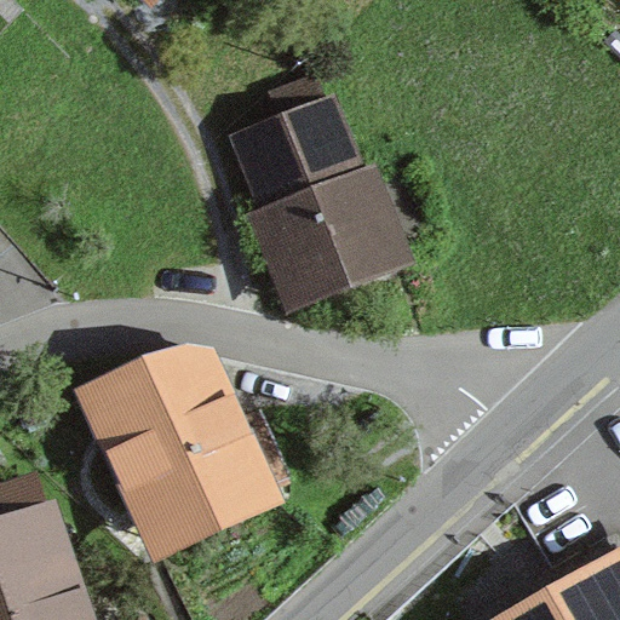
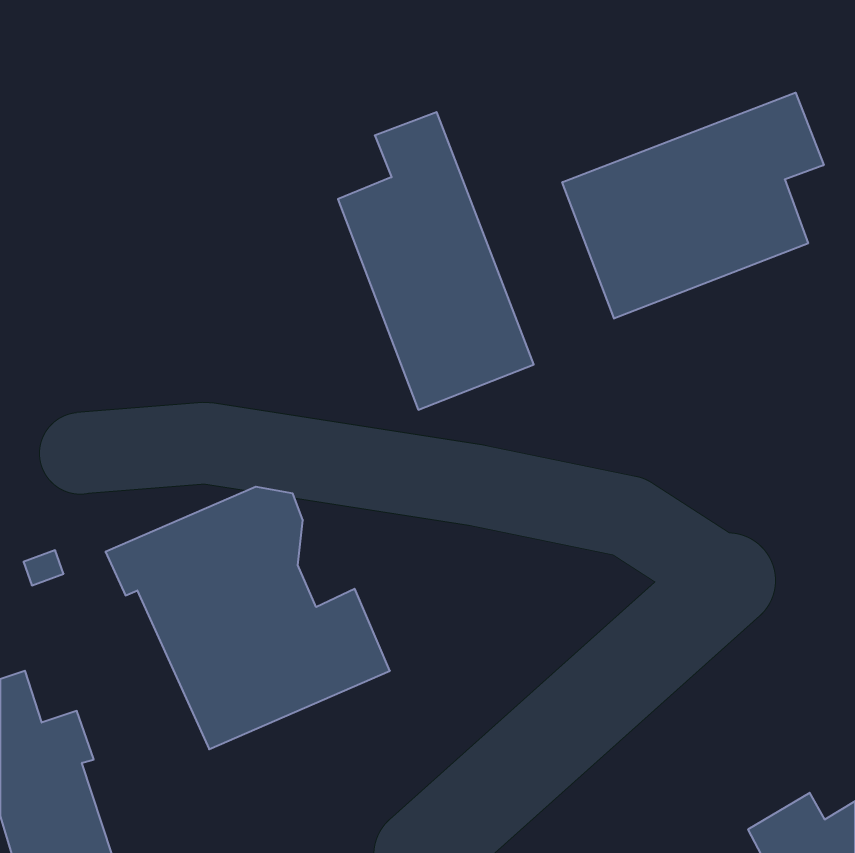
building: none -> [562,93,824,319]

